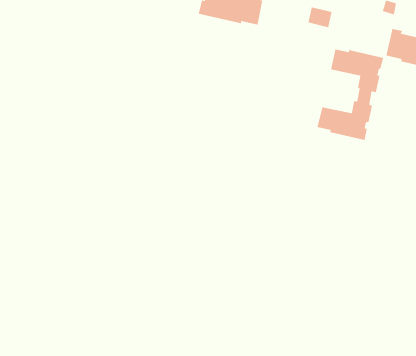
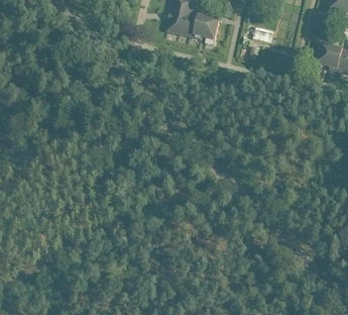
building: [317,48,384,141] -> none

